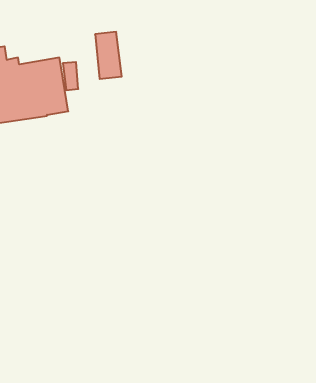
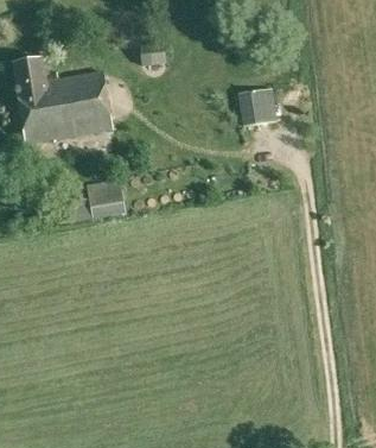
building: none -> [237,90,275,128]
building: none -> [85,178,127,219]

